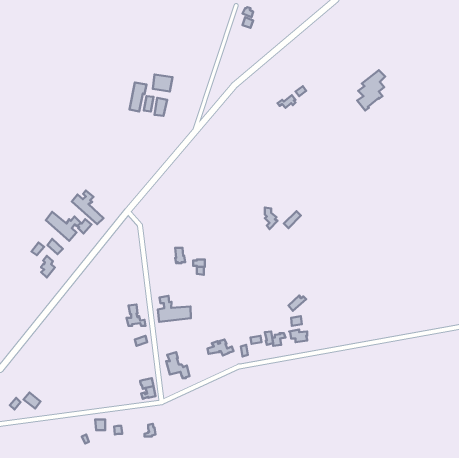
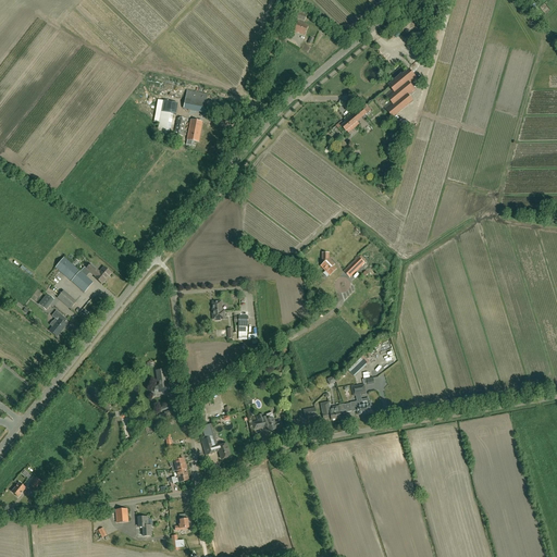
building: [357,70,385,111] -> [383,69,417,117]
building: [72,191,103,224] -> none
building: [158,296,191,322] -> none

